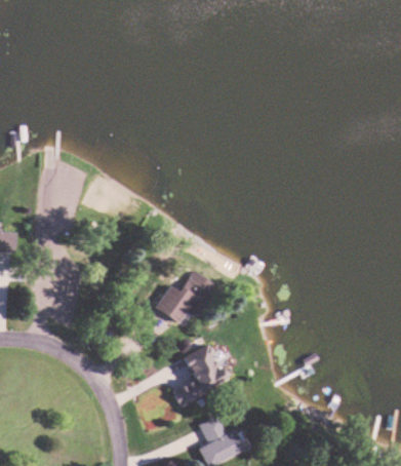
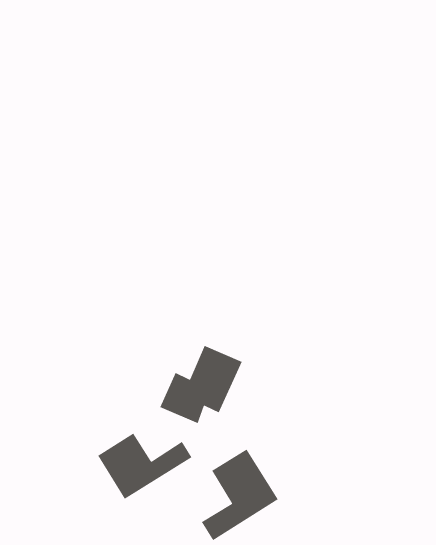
building: none -> [97,432,193,500]

